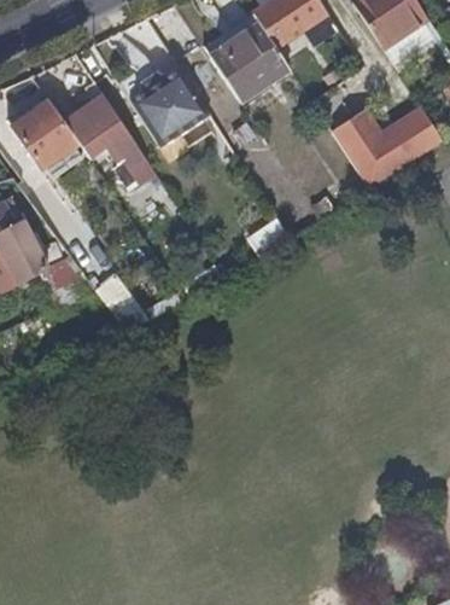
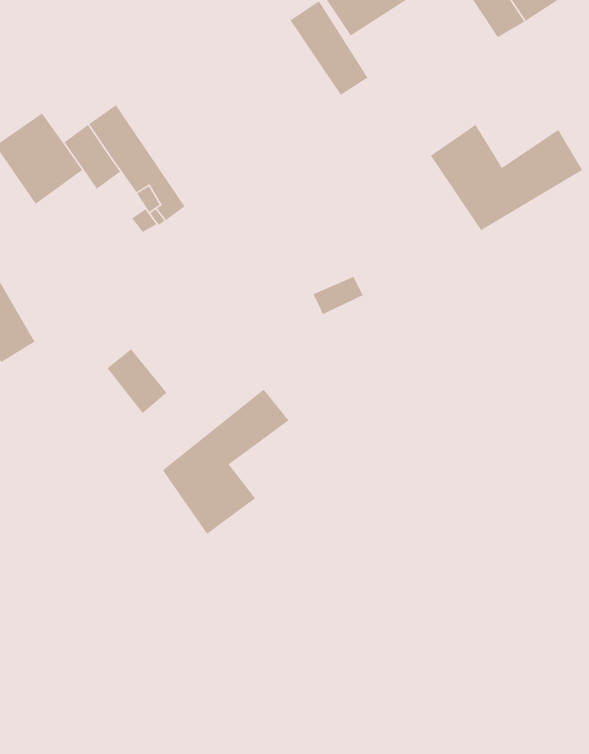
building: [208,33,267,103] -> none
building: [129,66,211,147] -> none
building: none -> [162,388,290,535]

